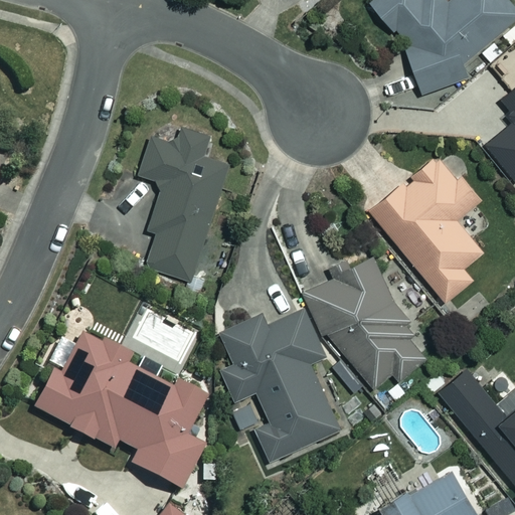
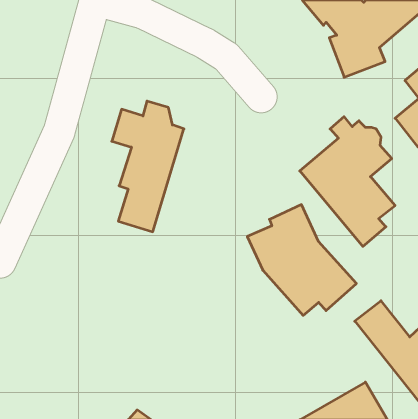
building: [220,306,342,461] -> none
building: [33,331,208,489] -> none

